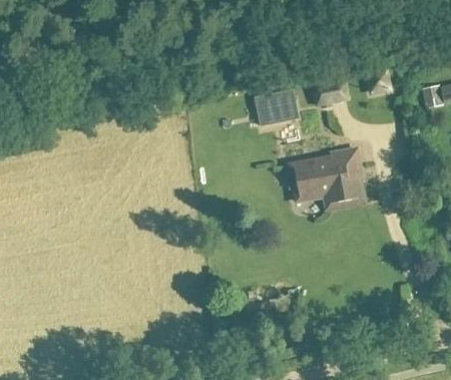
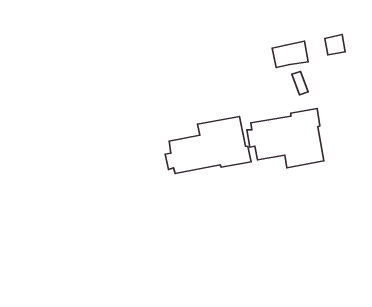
building: [256,90,299,125] -> none
building: none -> [165,117,251,174]

